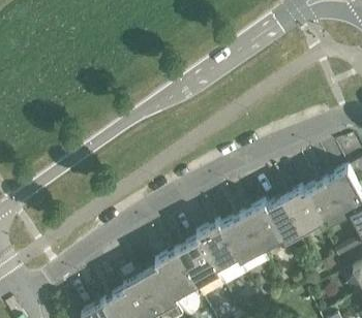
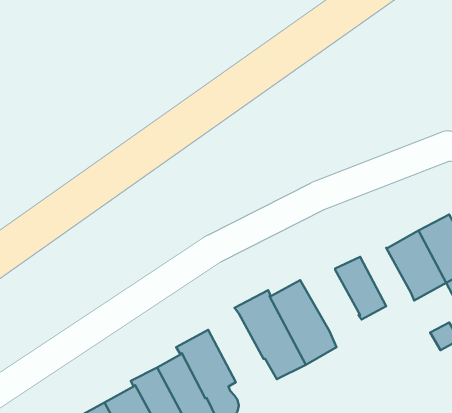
building: [281,187,318,232] -> none
building: [239,201,281,250] -> none
building: [174,237,222,296] -> none

